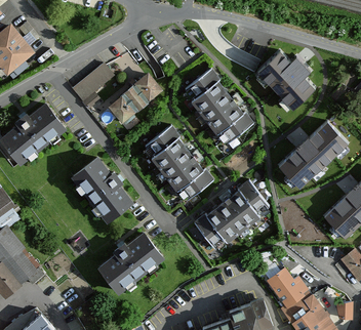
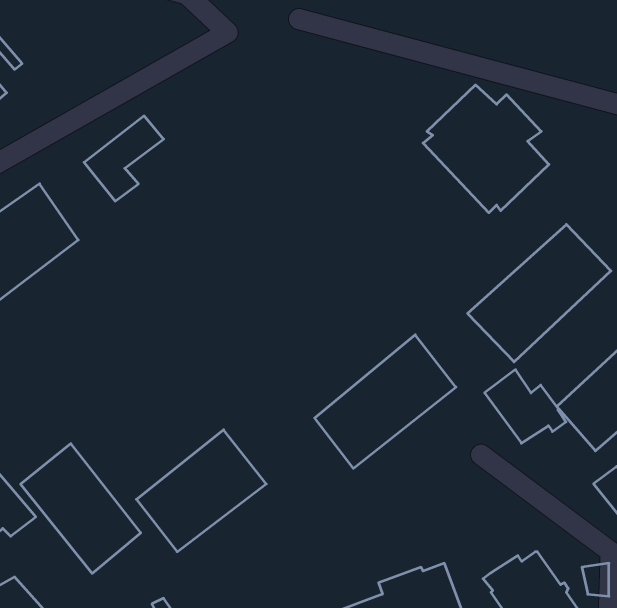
building: [184,70,253,142] -> none
building: [108,73,162,124] -> none
building: [145,126,213,202] -> none
building: [73,155,136,223] -> [21,444,141,573]
building: [268,266,311,305] -> [485,370,566,443]

